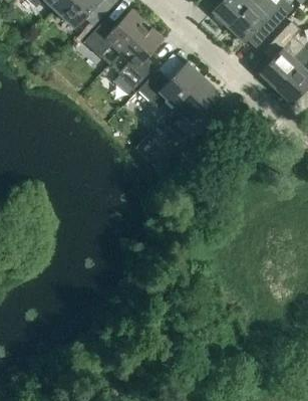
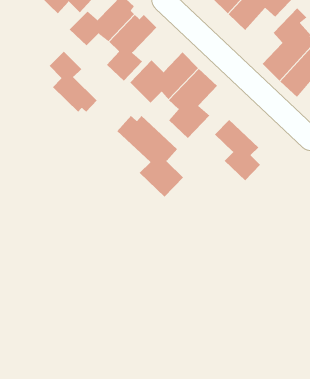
building: none -> [49,51,97,113]
building: none -> [116,115,184,197]
building: none -> [214,119,261,181]

